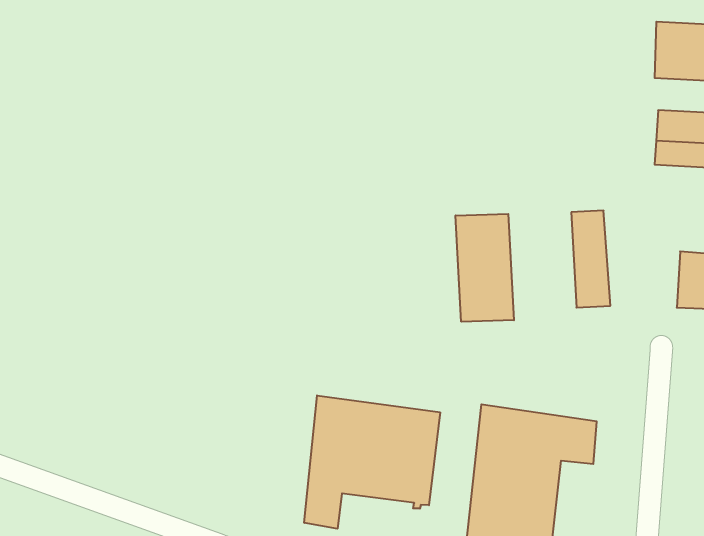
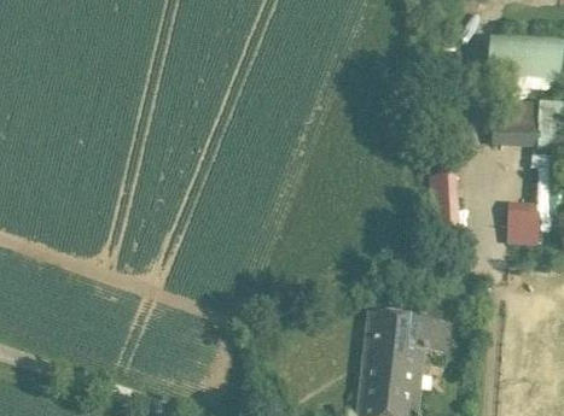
building: [456,214,514,322] -> none
building: [304,395,440,529] -> none

